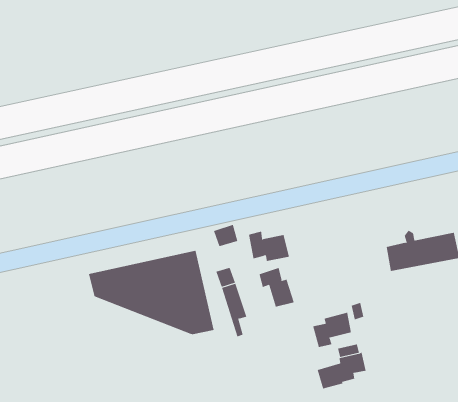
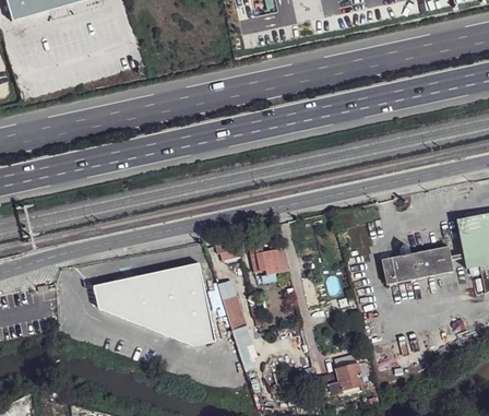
building: [259,267,294,308] -> none
building: [312,312,352,348] -> none

